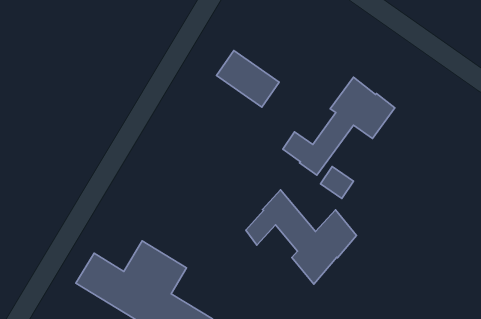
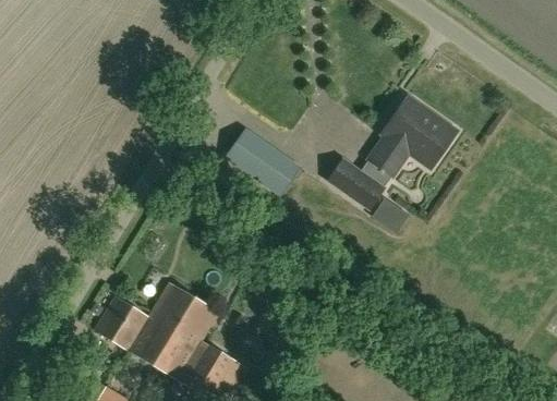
building: [217,50,279,107] -> [228,130,299,194]
building: [246,190,357,284] -> none

